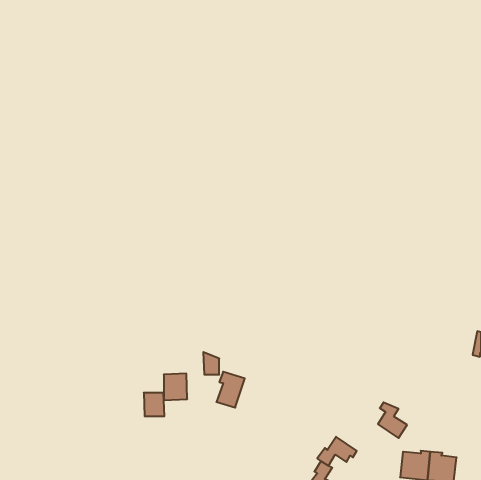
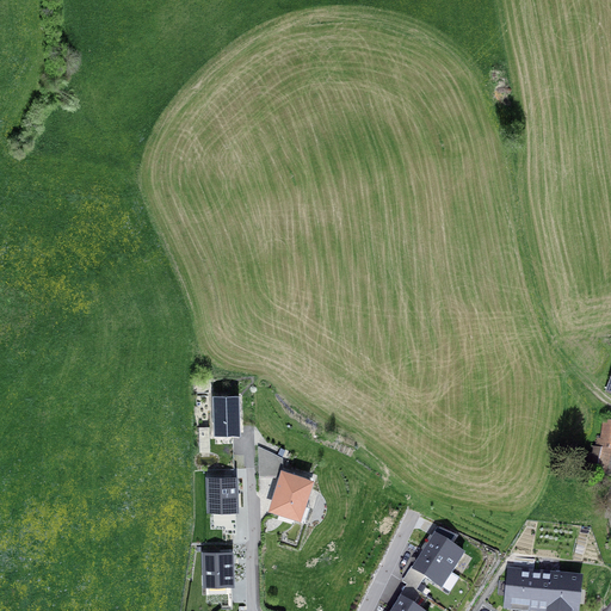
building: none -> [214,396,239,433]
building: [144,393,164,416] -> [205,554,232,584]
building: [378,402,407,438] -> [426,527,463,573]

